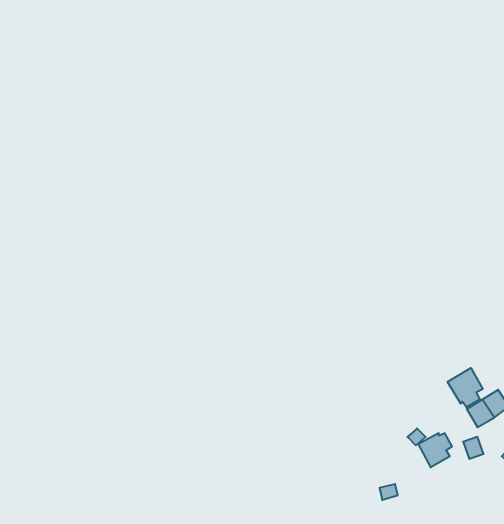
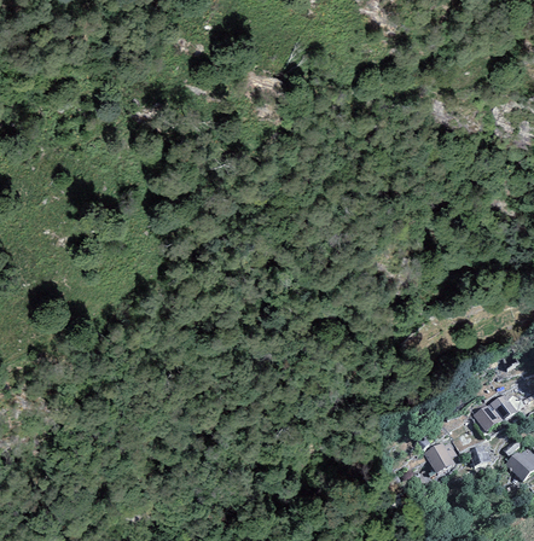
building: [448,368,483,407] -> none

